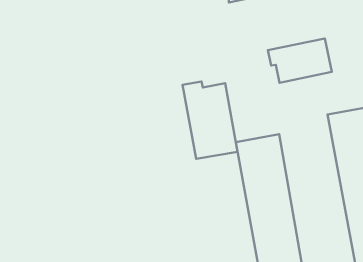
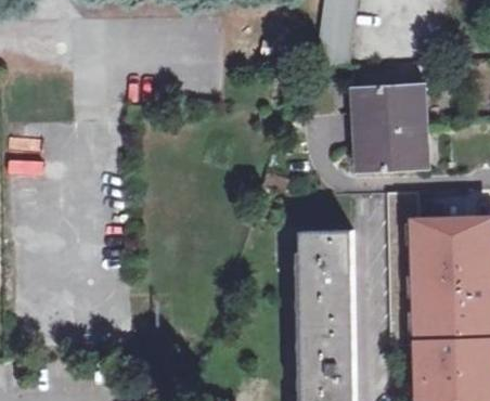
building: none -> [349,87,420,131]
building: [183,82,238,159] -> none

